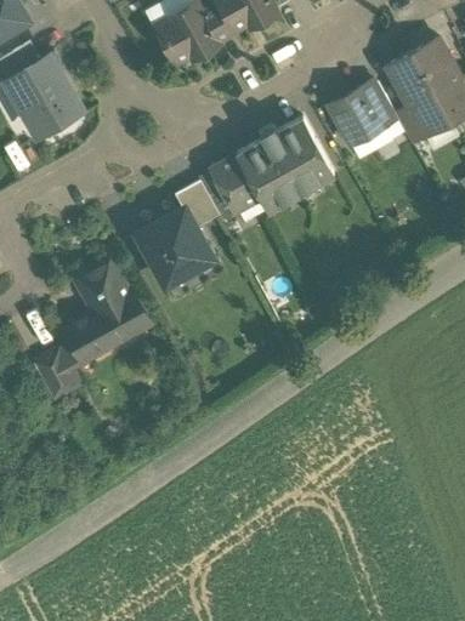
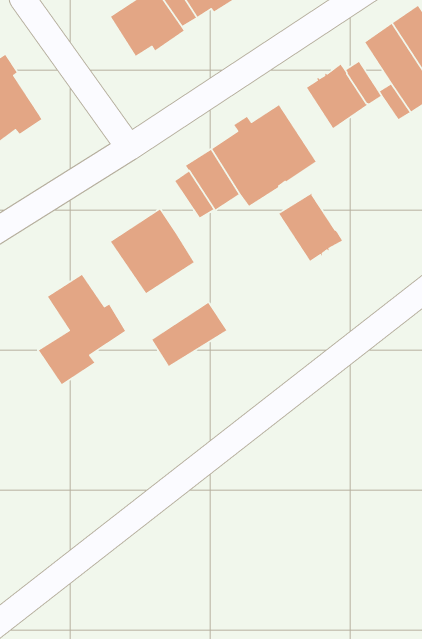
building: [178,182,221,230] -> none
building: none -> [278,193,343,262]
building: none -> [151,302,228,367]
building: [33,348,74,391] -> none

